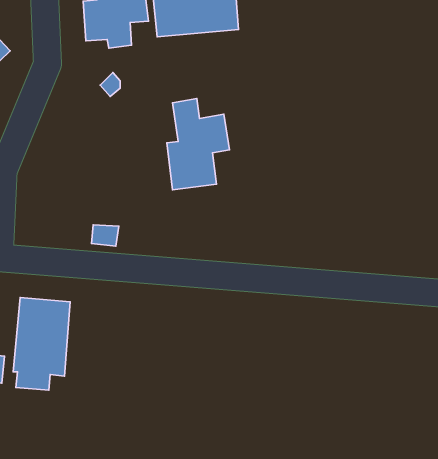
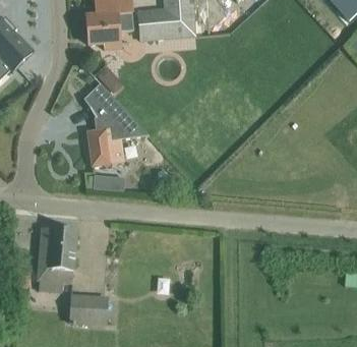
building: [167,99,229,190] -> [88,99,133,164]
building: none -> [70,294,107,324]

